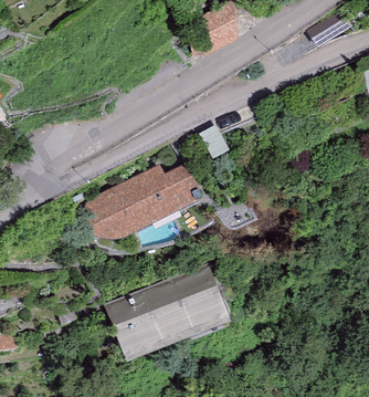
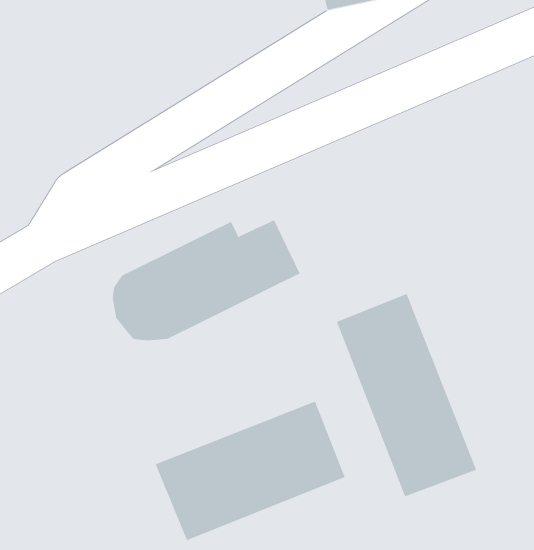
building: none -> [336,293,477,497]

